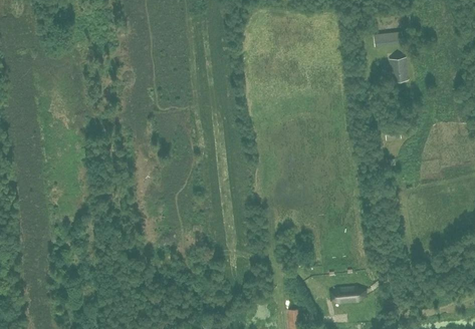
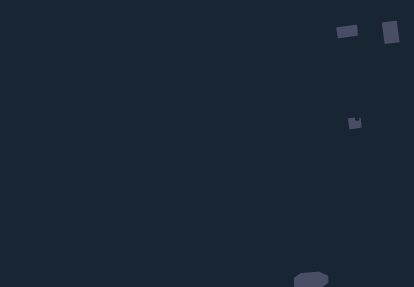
building: [391,59,411,84] -> [381,20,400,45]

